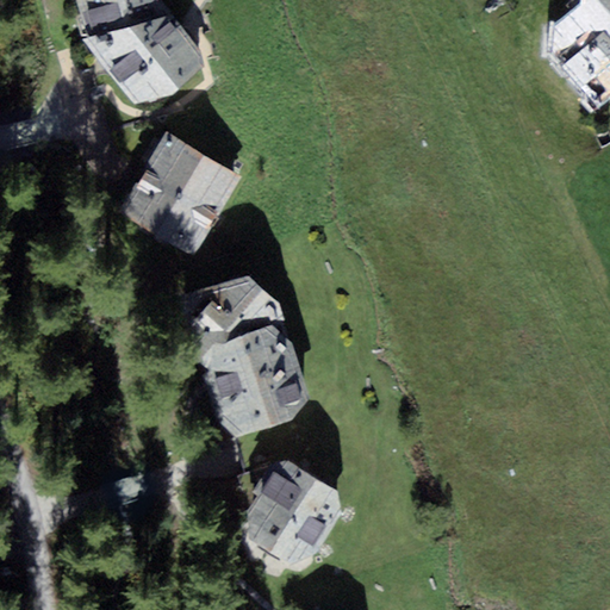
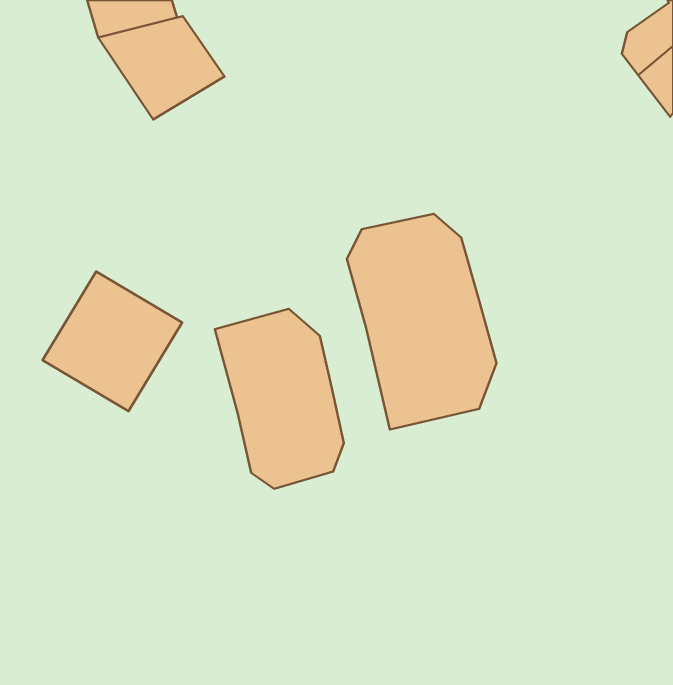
building: [111,130,235,254] -> [42,271,182,411]
building: none -> [347,214,496,430]
building: [250,467,340,565] -> none

